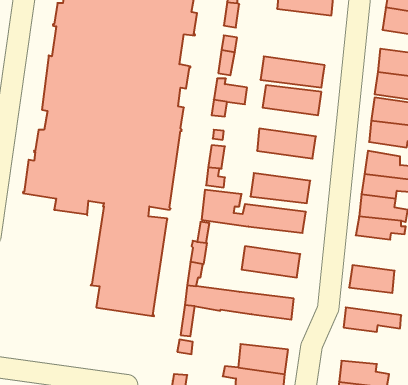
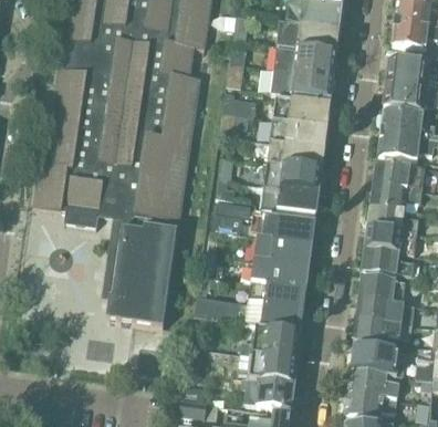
building: none -> [277,19,341,50]
building: none -> [273,46,336,76]
building: none -> [269,118,327,147]
building: none -> [263,162,322,191]
building: none -> [254,237,312,264]
building: none -> [362,246,413,277]
building: none -> [249,280,306,309]
building: none -> [355,298,413,325]
building: none -> [240,330,300,360]
building: none -> [351,346,400,376]

